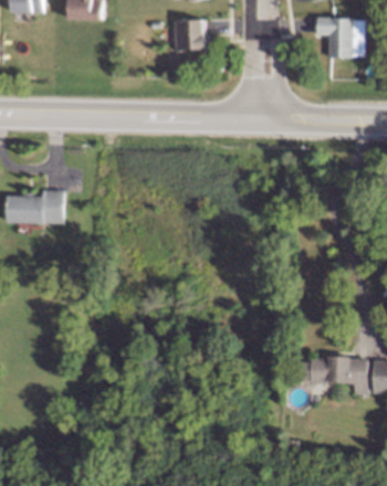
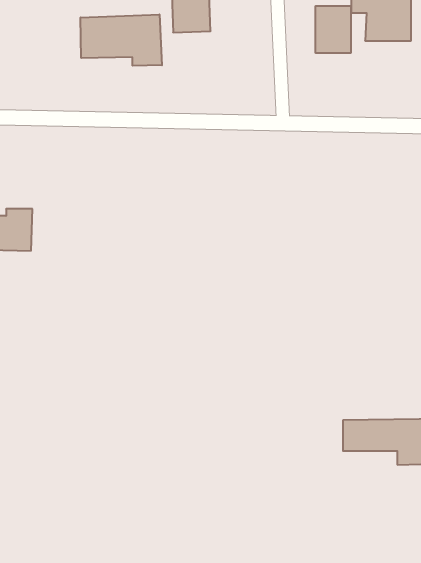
building: none -> [316,6,351,53]
building: none -> [81,14,162,66]

